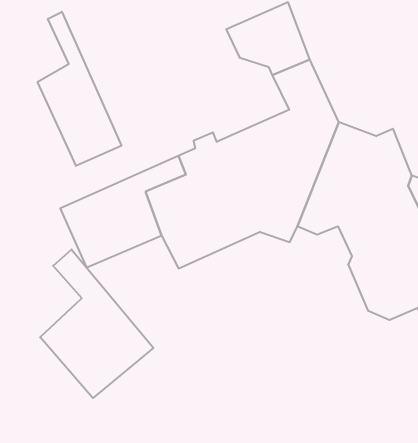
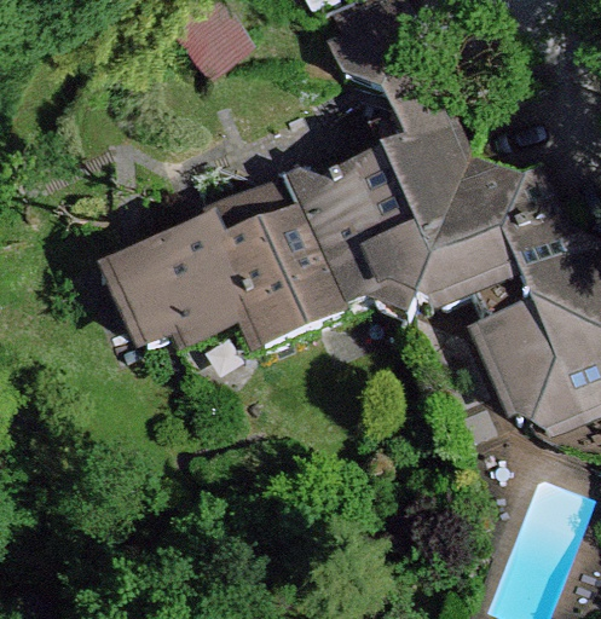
building: [38,12,121,166] -> none
building: [40,249,153,398] -> none

